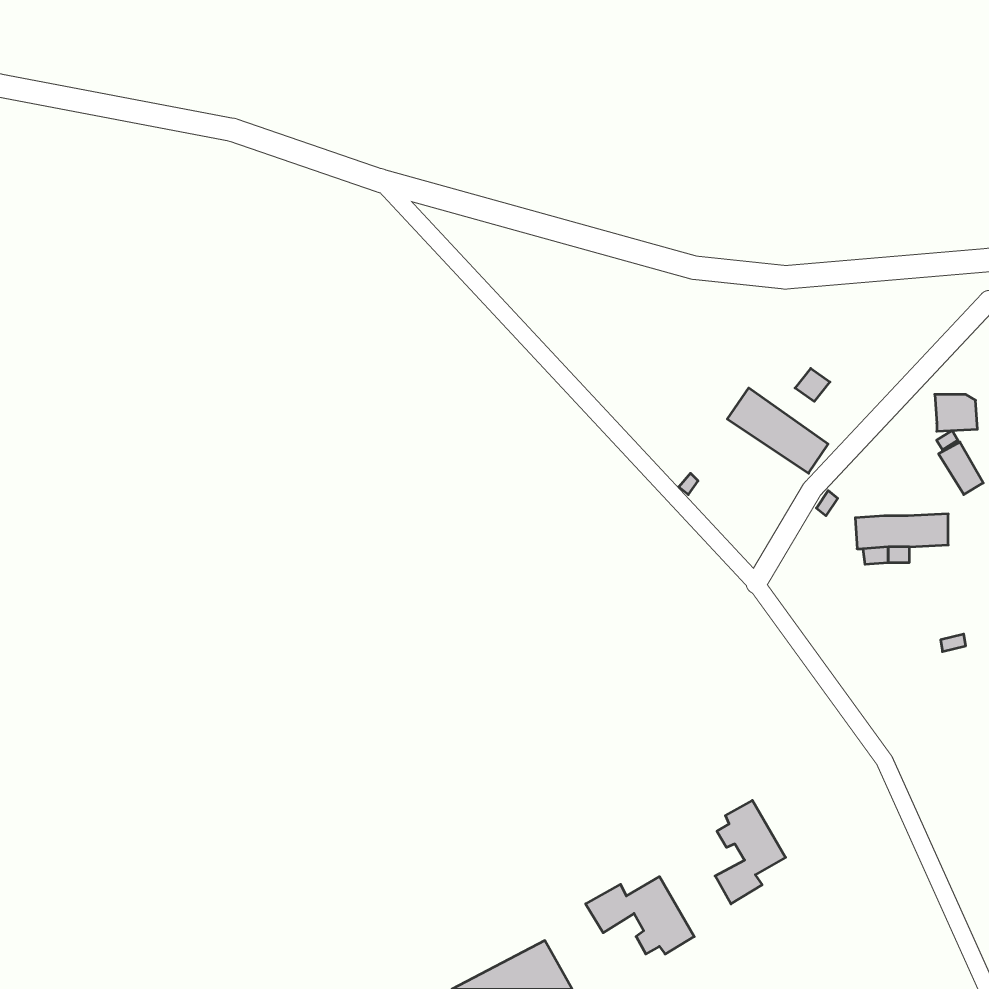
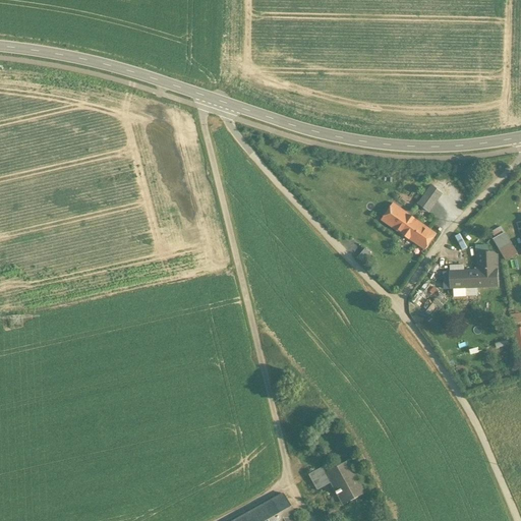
building: [935,394,977,431] -> [475,251,498,271]
building: [715,800,786,904] -> none

